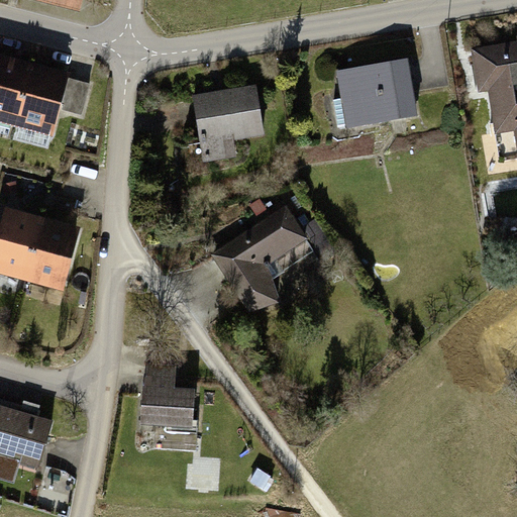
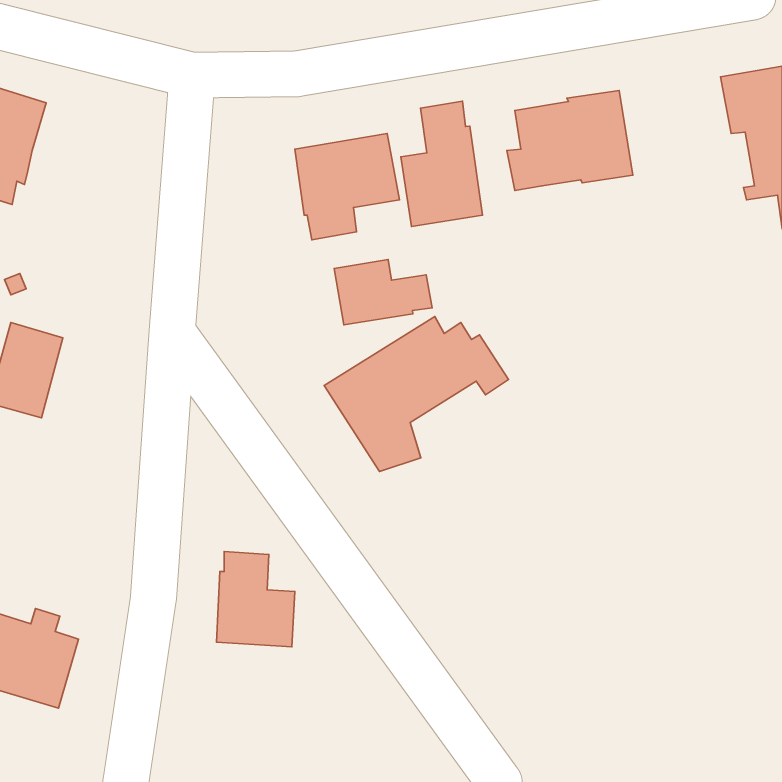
building: none -> [401,101,482,226]
building: [16,68,89,130] -> none
building: none -> [334,259,432,325]
building: [27,222,76,284] -> none

